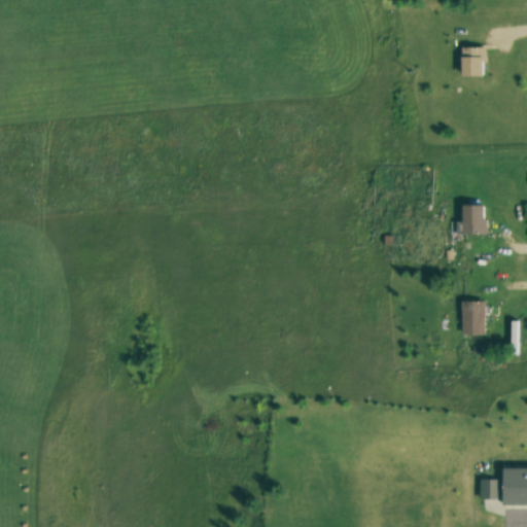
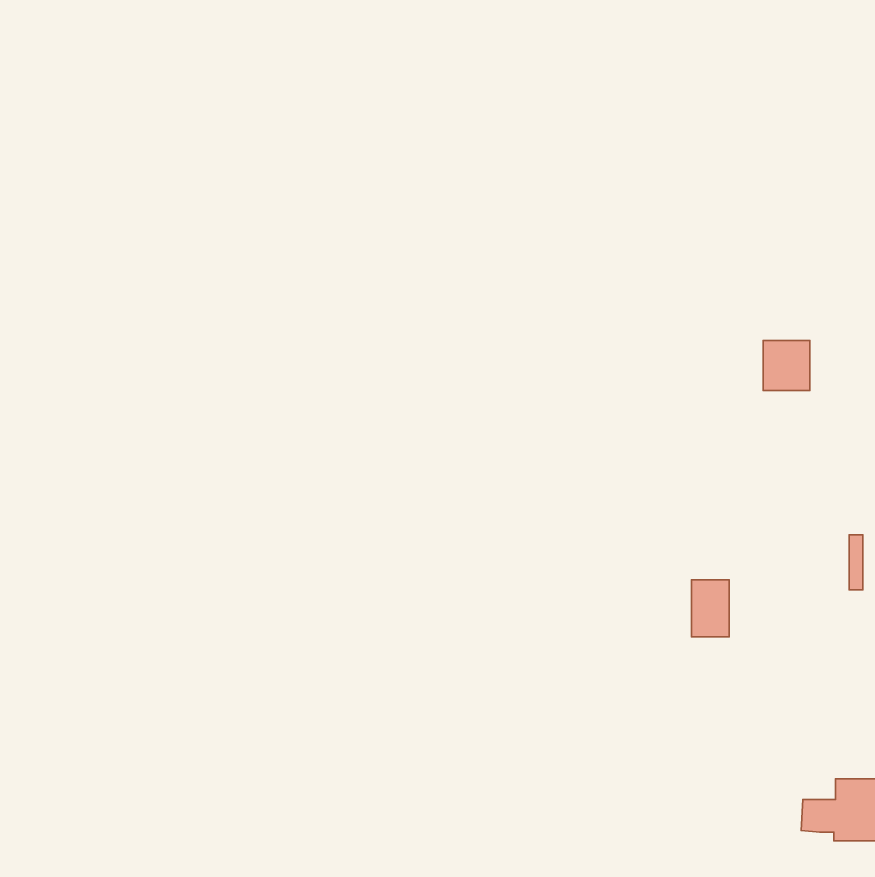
building: [460,47,487,77] -> none
building: [461,301,484,335] -> [691,580,729,637]

